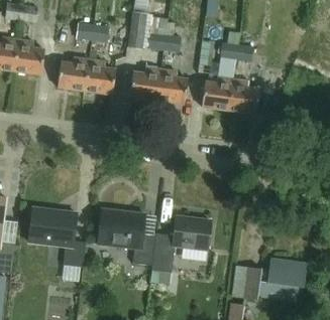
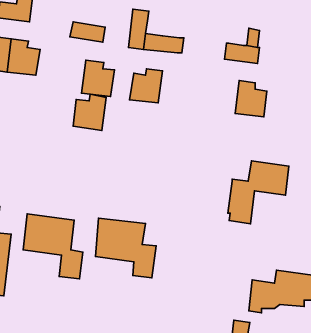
building: [57,56,88,91] -> [73,94,106,131]
building: [156,69,188,103] -> none
building: [202,76,233,110] -> none
building: [150,215,208,275] -> [228,161,289,224]

